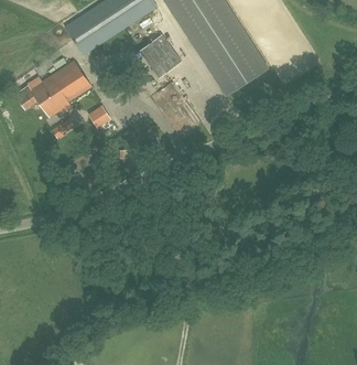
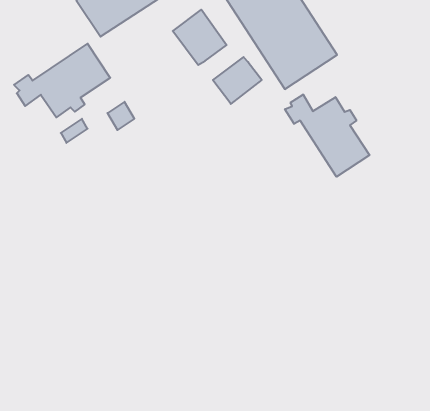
building: none -> [213,57,262,104]
building: none -> [285,94,369,177]

